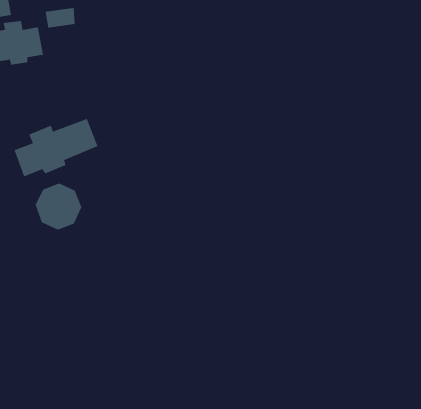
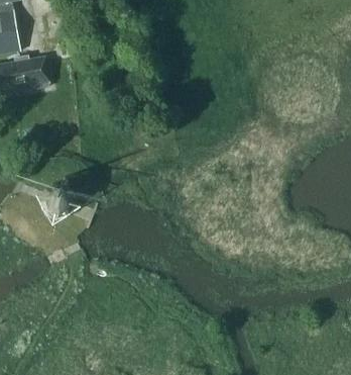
building: [14,118,98,177] -> none

